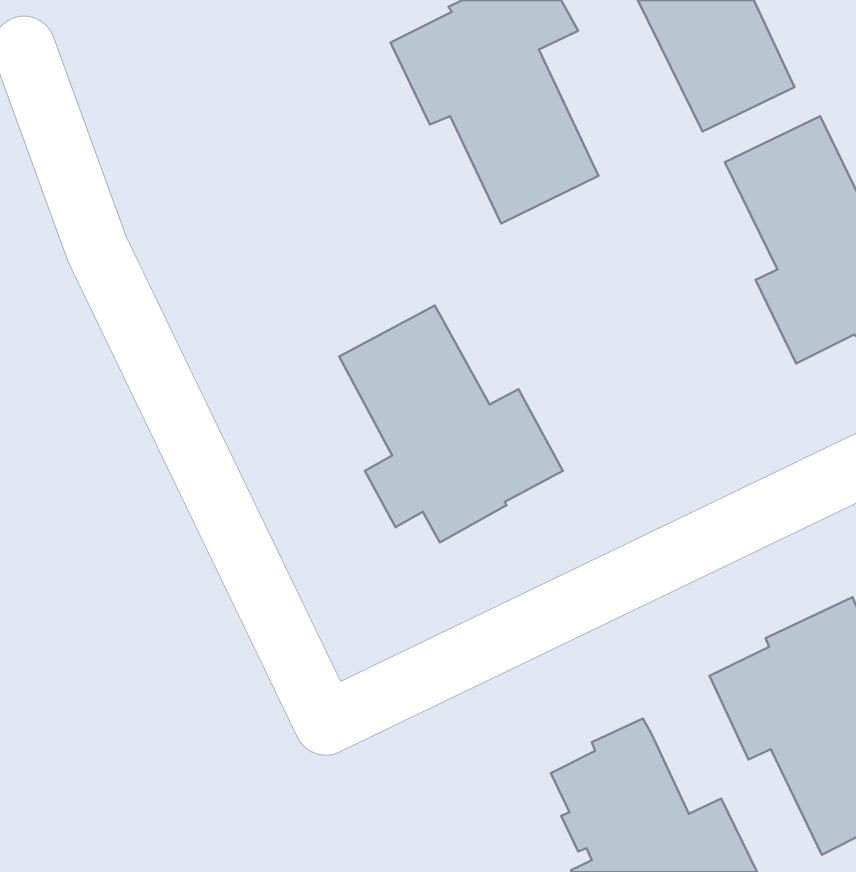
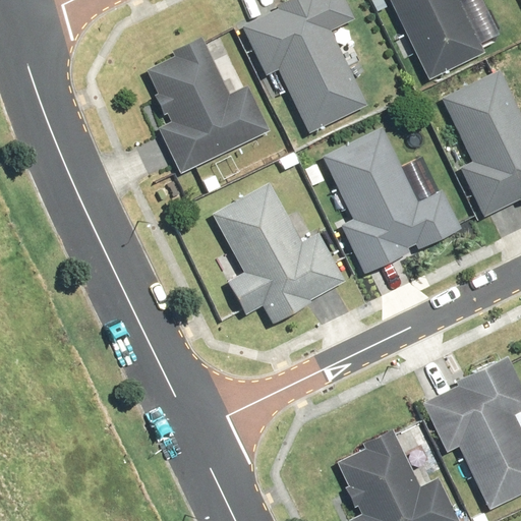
building: none -> [147,35,271,173]
building: none -> [322,126,461,273]

